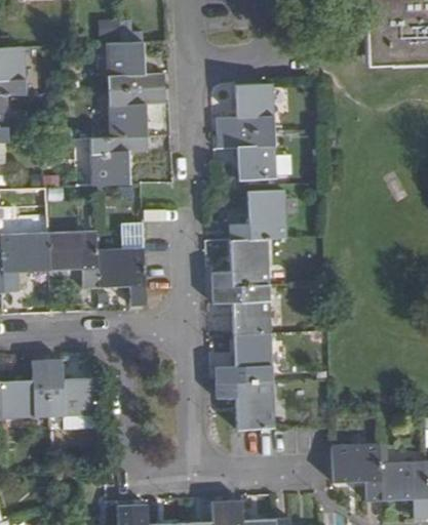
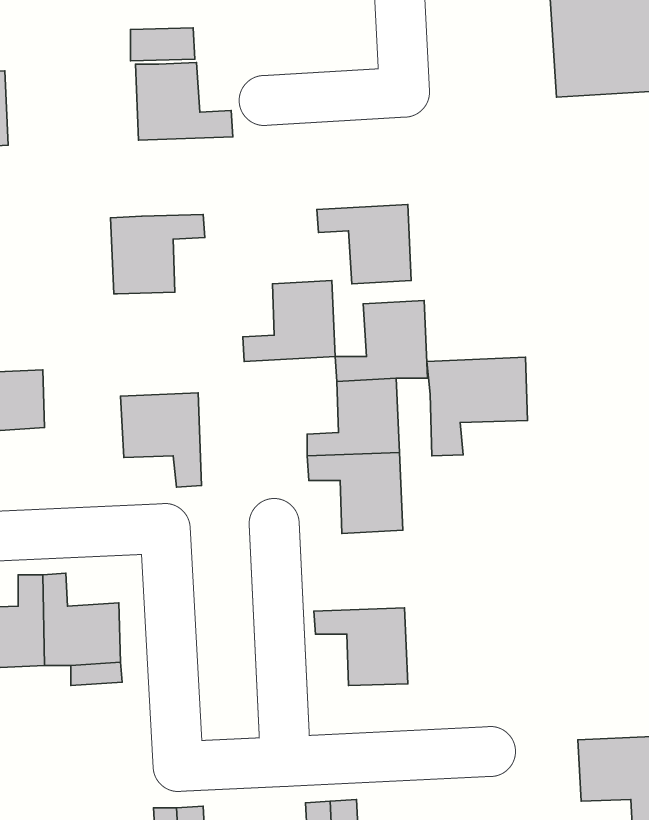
building: [216,83,273,133] -> [243,281,335,362]
building: [106,88,165,137] -> none
building: none -> [427,357,527,456]
building: [46,231,96,288] -> none
building: [215,332,271,382] -> none
building: [330,443,381,501] -> none

